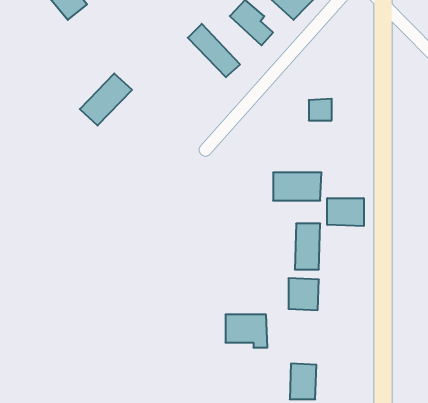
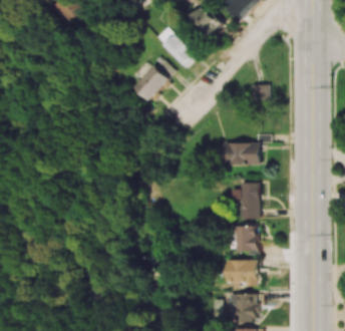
building: [80,73,132,126] -> [134,58,176,99]
building: [327,198,364,226] -> none
building: [225,315,267,348] -> [225,260,258,286]

